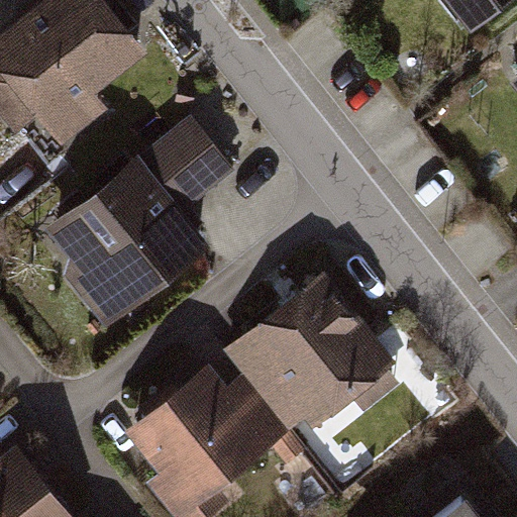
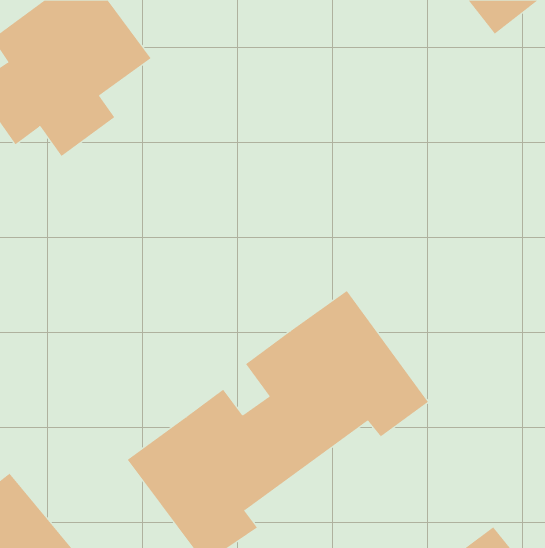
building: [34,112,240,327] -> none

